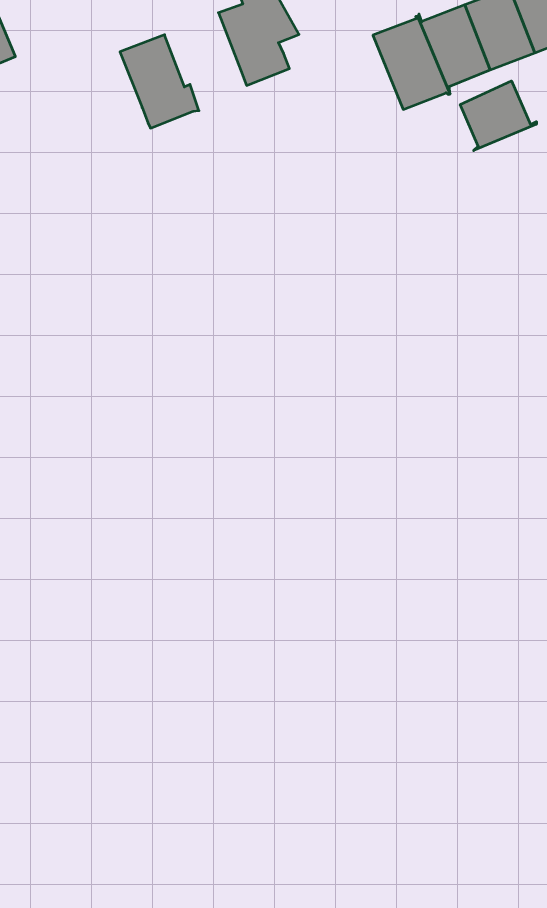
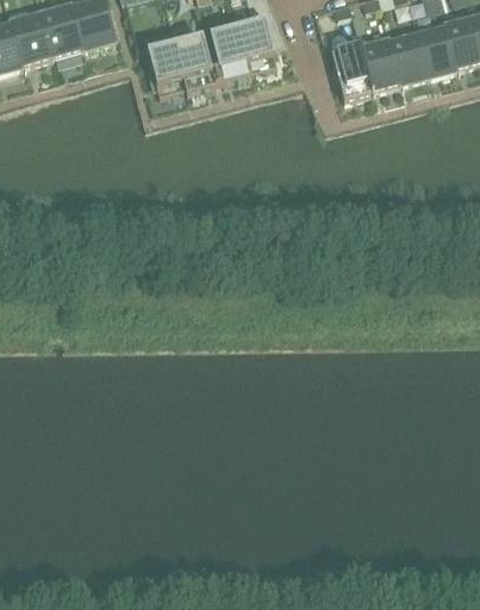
building: none -> [213,24,254,82]
building: none -> [149,35,189,93]
building: [460,81,536,151] -> none

